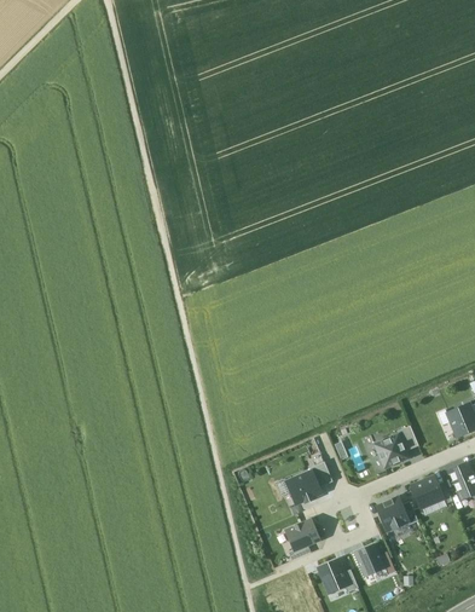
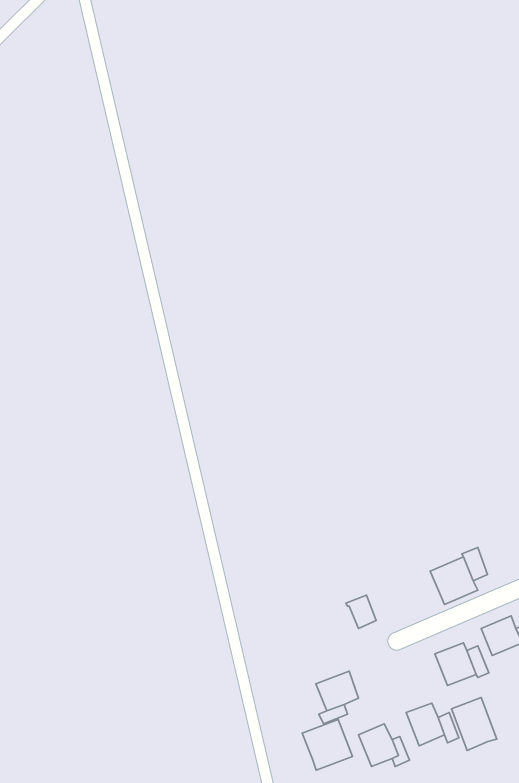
building: [285,470,320,504] -> none
building: none -> [451,698,497,750]
building: none -> [302,719,352,770]

